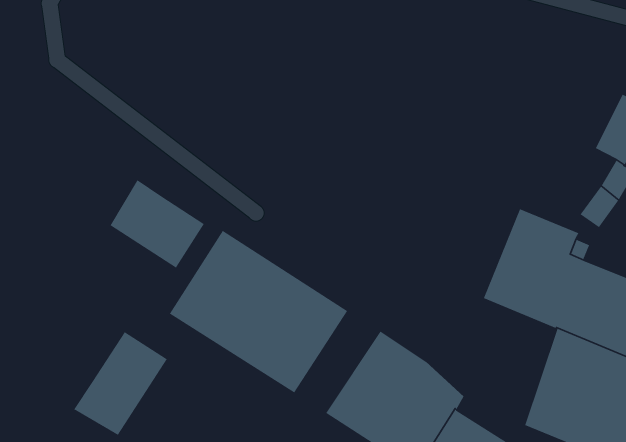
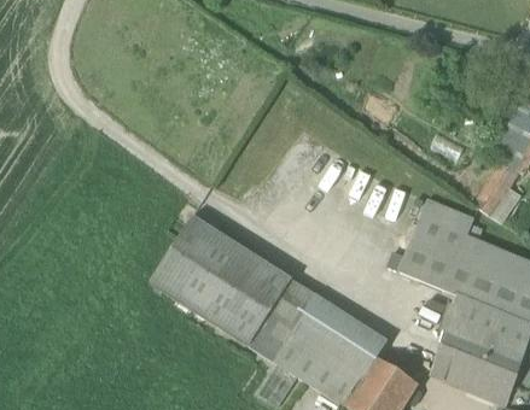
building: [109,179,205,269] -> none
building: none -> [249,280,316,361]
building: [73,331,168,436] -> none

